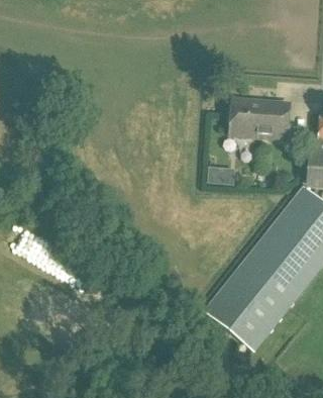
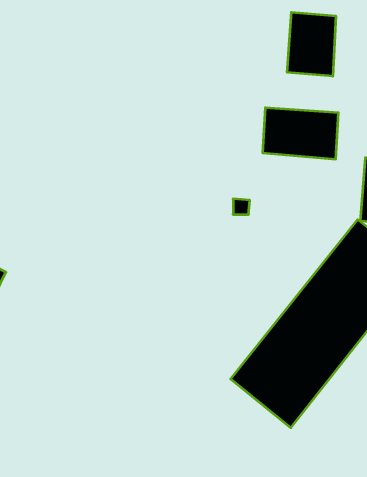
building: none -> [287,12,336,76]

